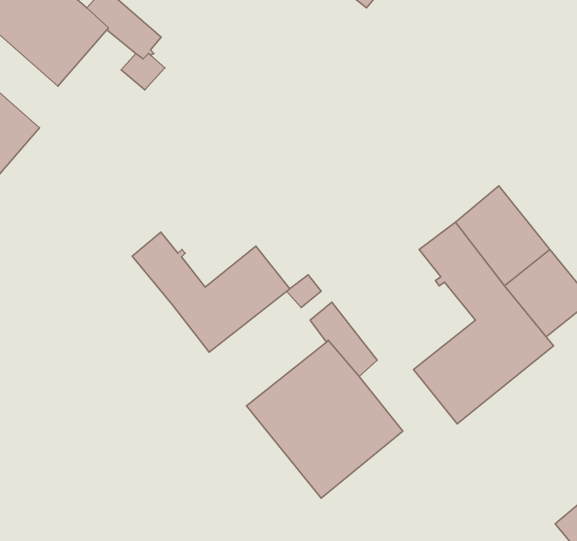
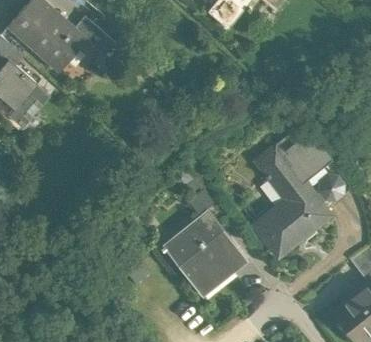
building: [132,232,290,352] -> none

